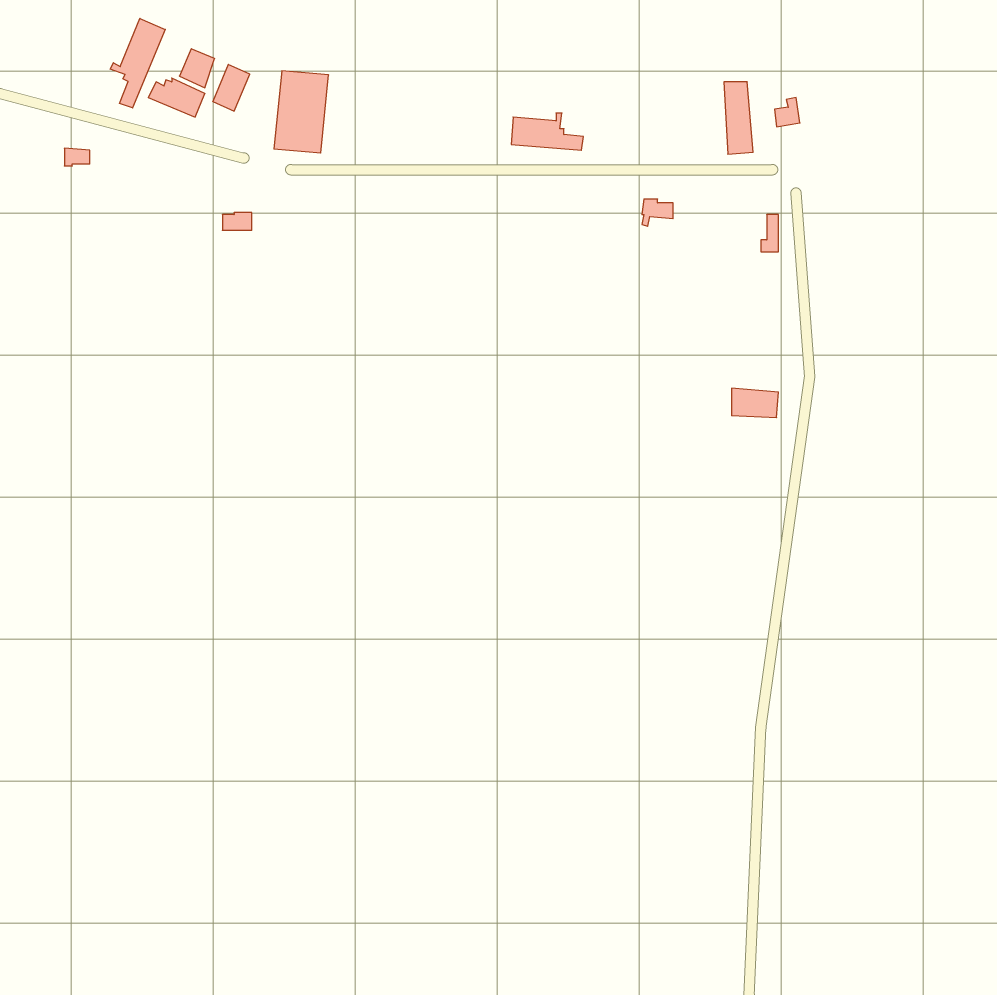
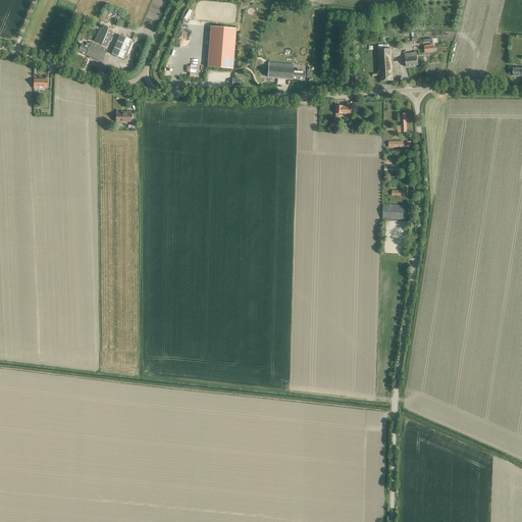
building: [110,18,165,108] -> none
building: [274,71,329,153] -> [207,30,236,72]

